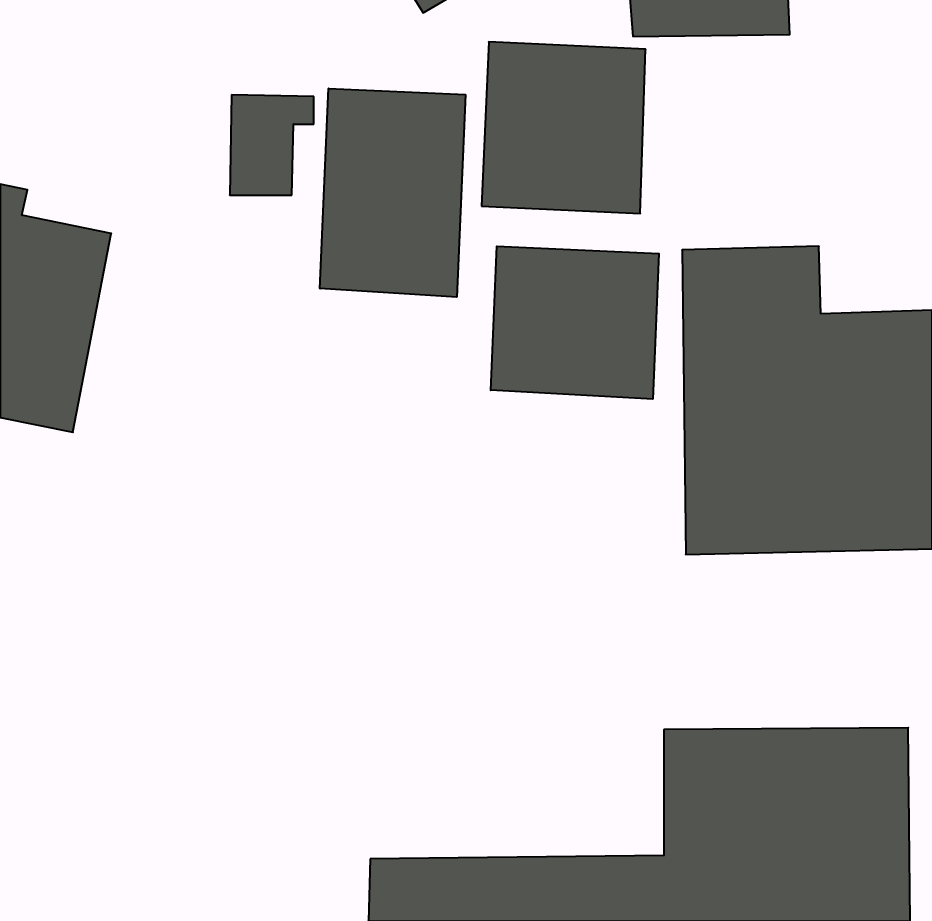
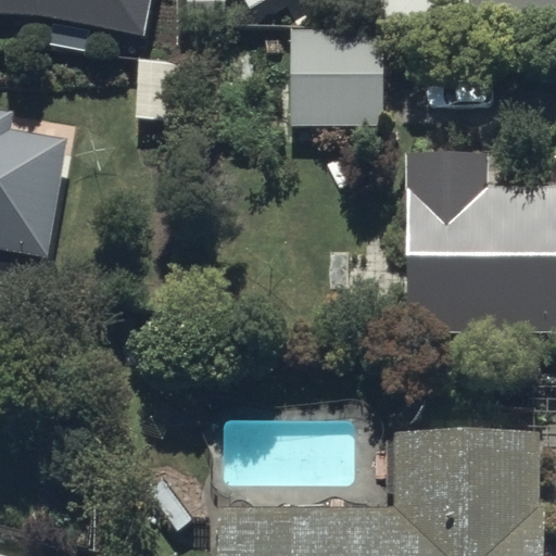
building: [320,88,465,297] -> none
building: [491,246,659,399] -> none

